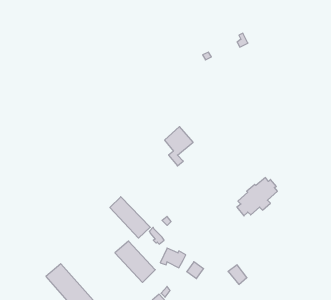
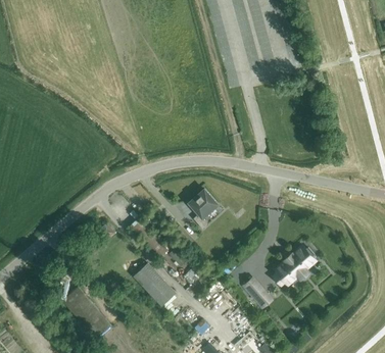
building: [165,127,193,166] -> [189,190,219,231]
building: [237,178,277,216] -> [274,247,316,287]

